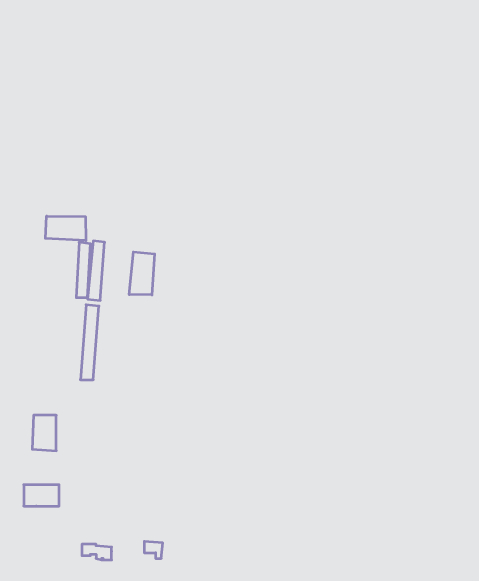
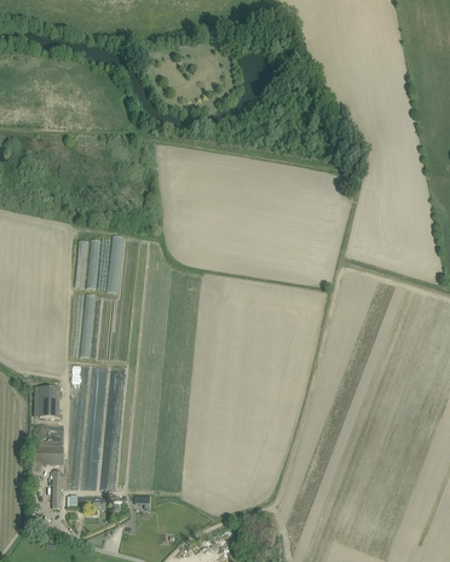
building: [45,216,86,241] -> none
building: [129,252,155,295] -> none

